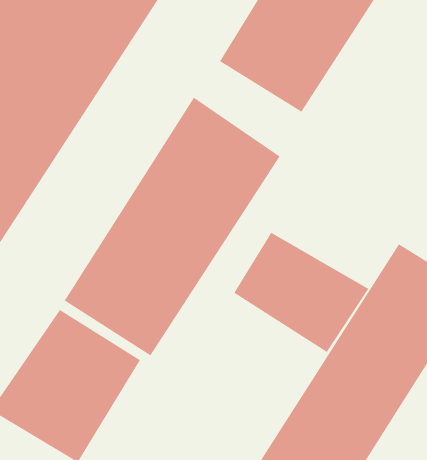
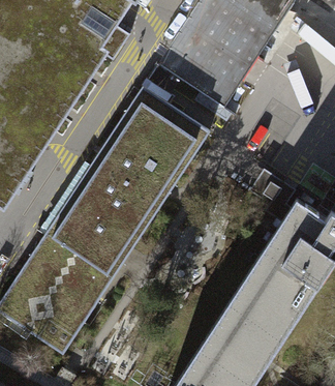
building: [233,232,369,353] -> none

